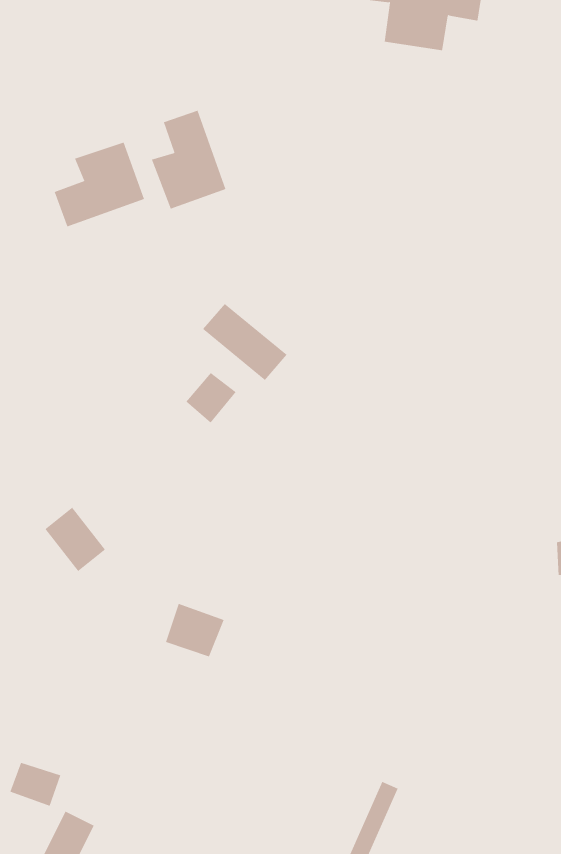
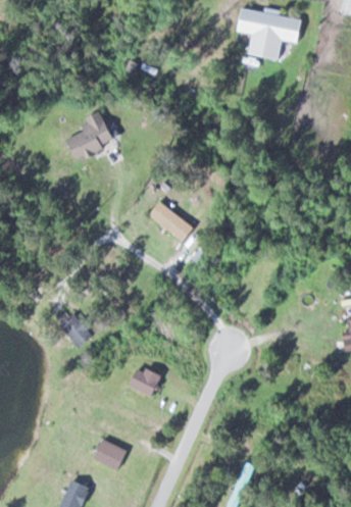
building: [151,110,226,210] -> none
building: [185,372,237,423] -> none
building: [9,762,61,807] -> [95,442,123,466]

